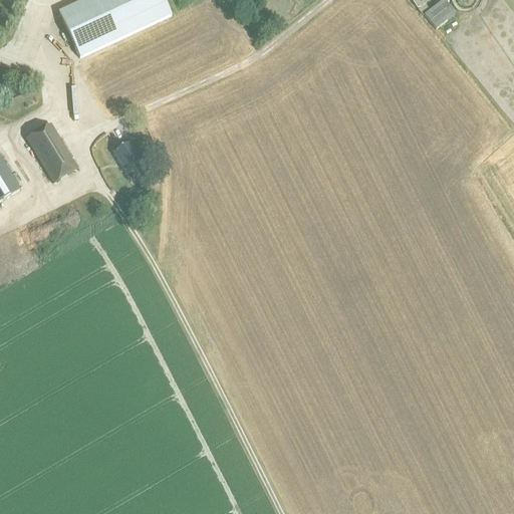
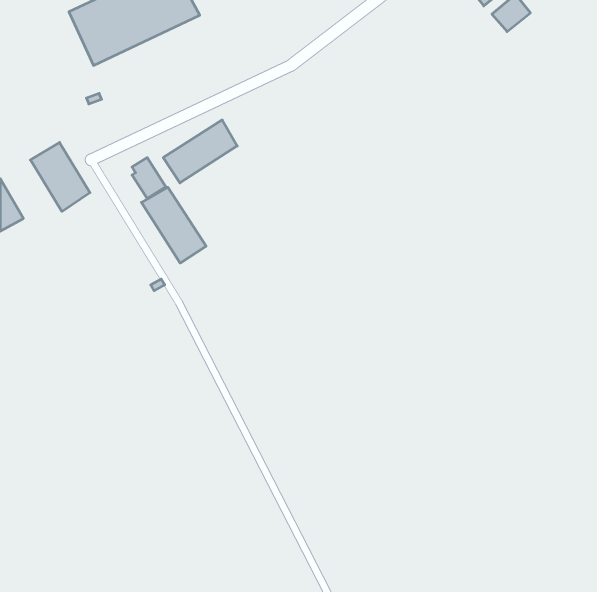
building: none -> [163,120,237,183]
building: none -> [141,187,206,263]

